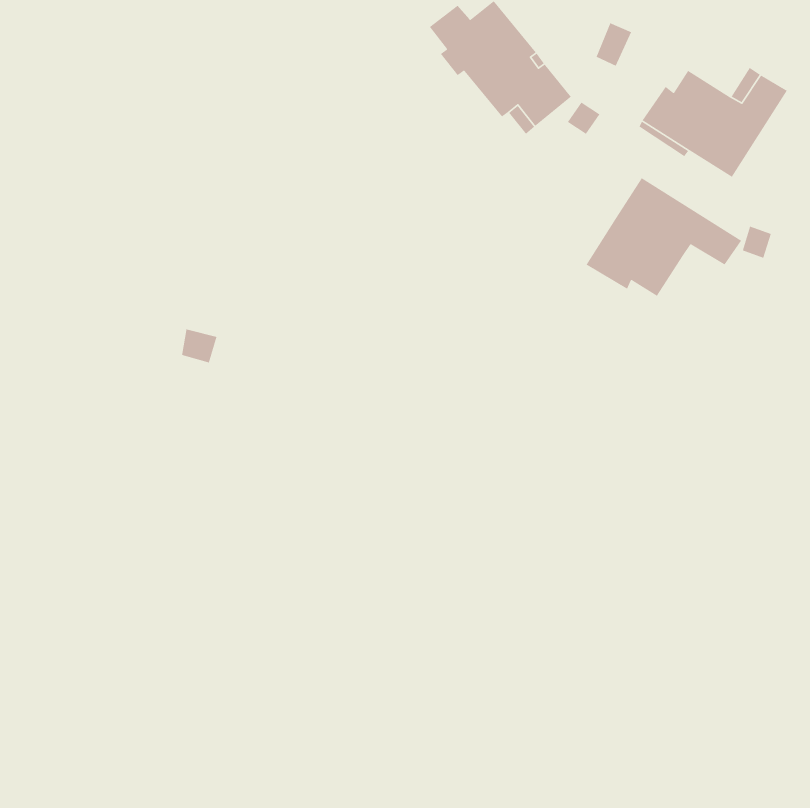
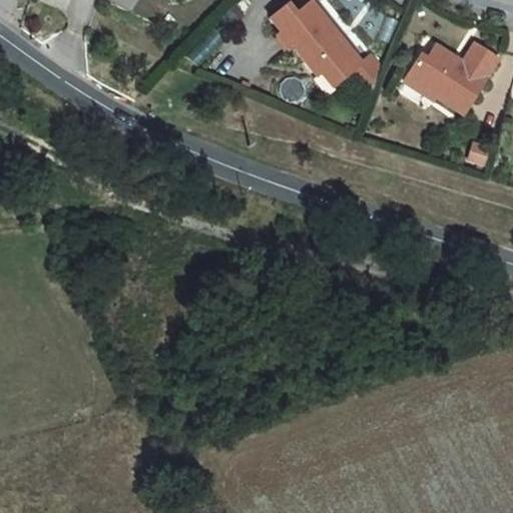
building: [586,177,742,297] -> none

